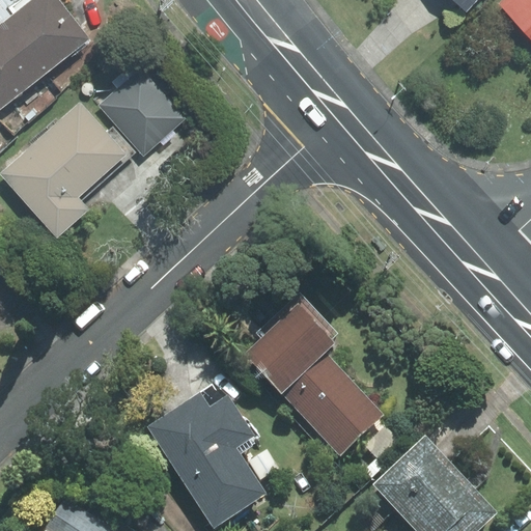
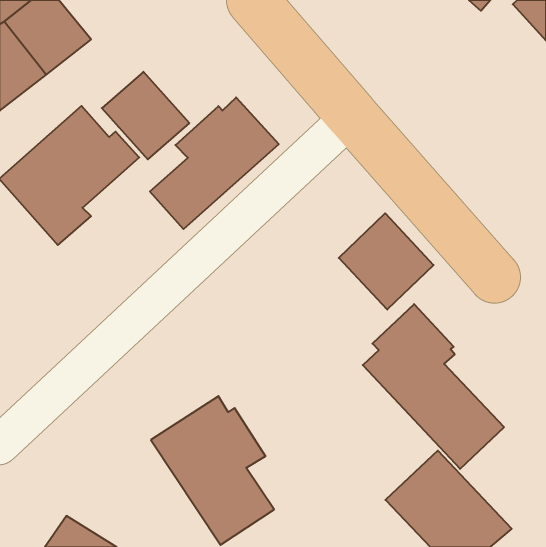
building: none -> [150,97,279,229]
building: none -> [339,213,434,310]
building: [245,295,382,454] -> [363,304,504,469]

